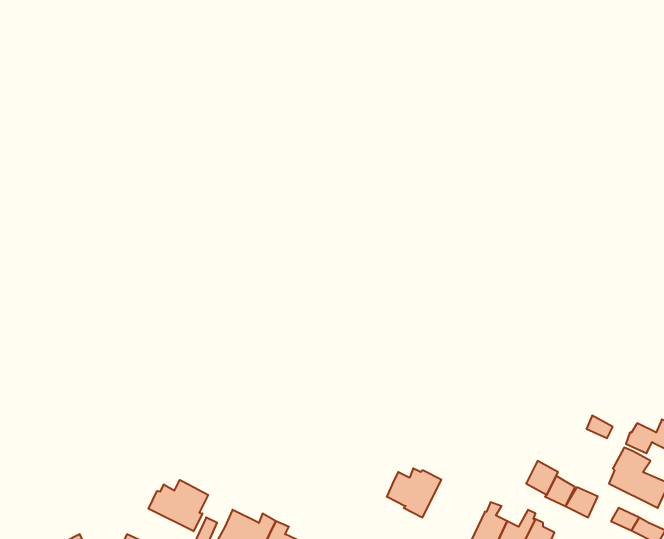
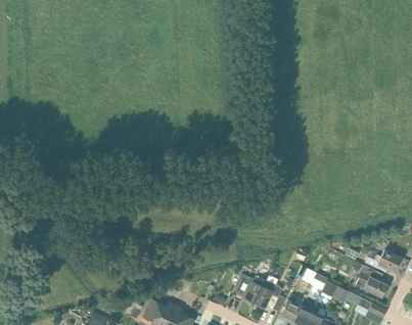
building: none -> [255,281,282,311]
building: [148,480,208,531] -> none

